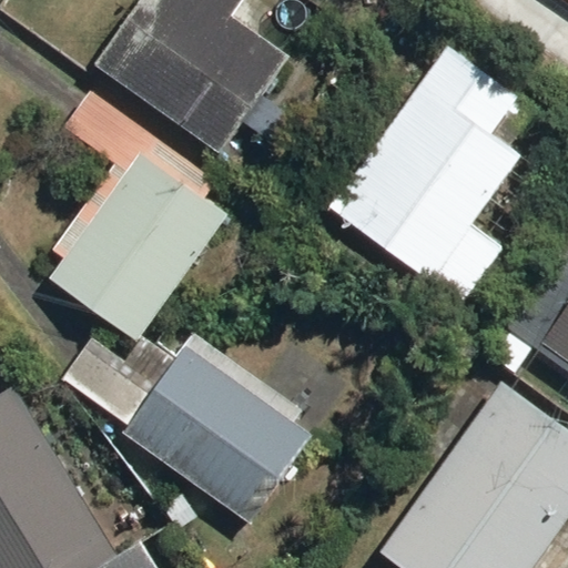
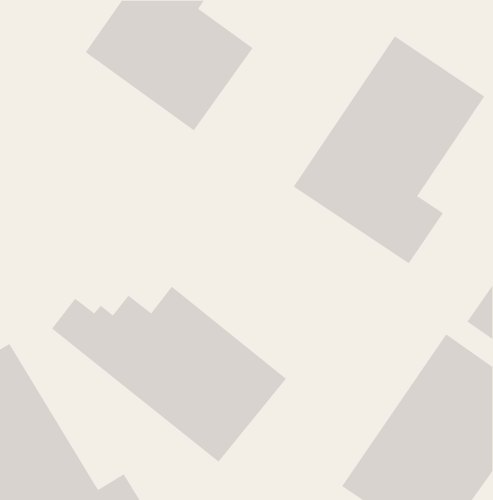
building: [45,85,233,347] -> none

